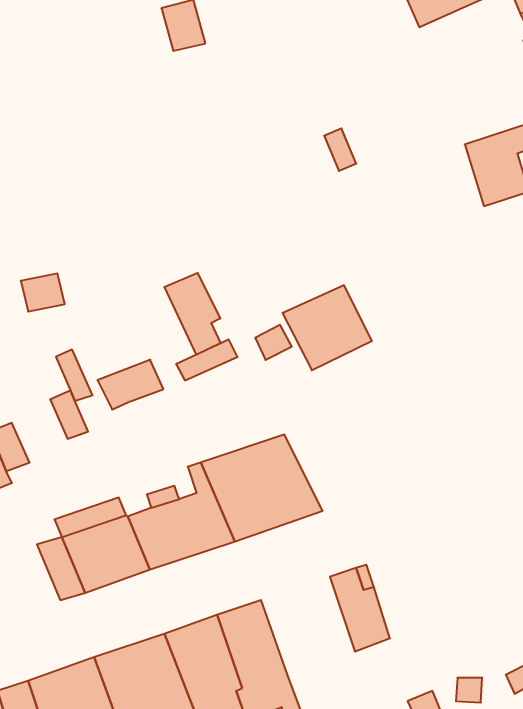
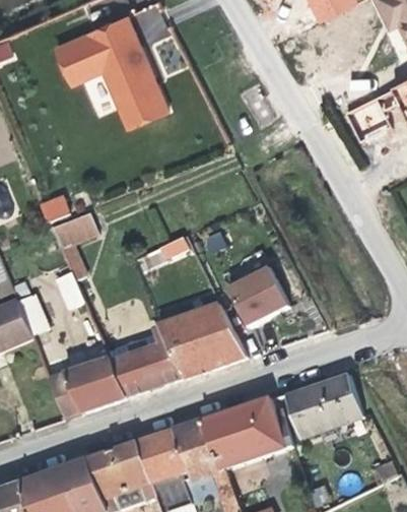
building: none -> [49,12,166,129]
building: [164,273,221,355] -> none
building: [282,285,372,370] -> [229,267,291,326]
building: [97,360,163,410] -> [52,215,97,250]
building: none -> [287,375,363,437]
building: none -> [204,402,269,470]

